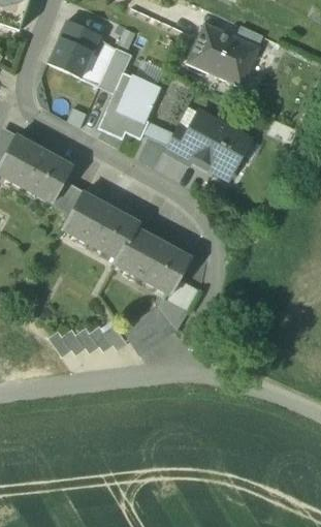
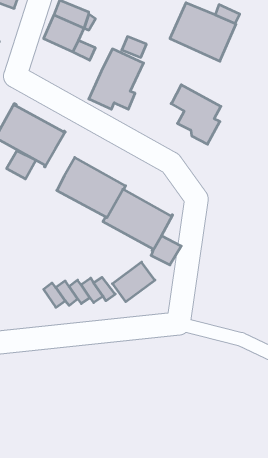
building: [99,48,132,94] -> none
building: [164,126,202,163] -> none
building: [51,182,83,213] -> [7,151,36,179]

